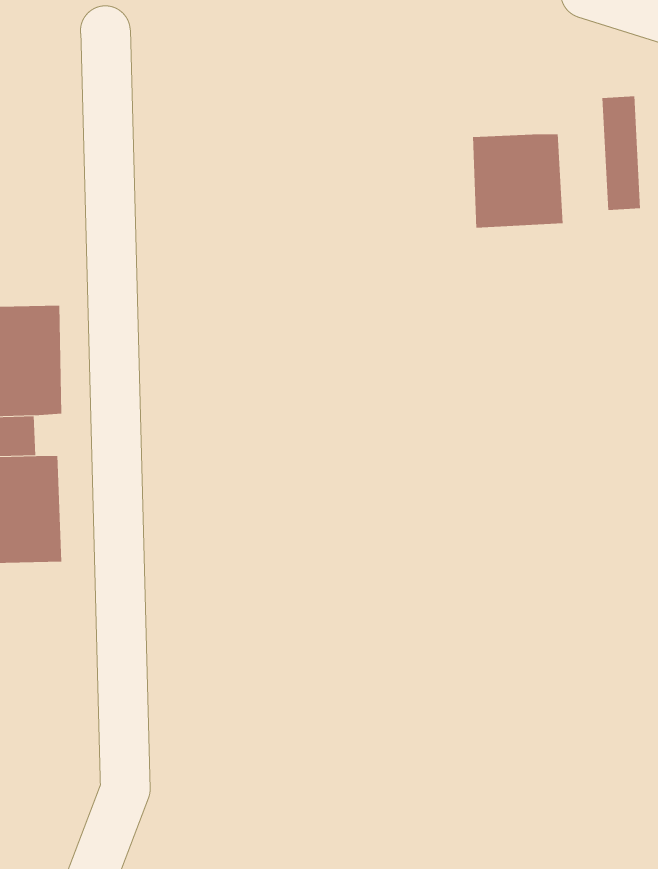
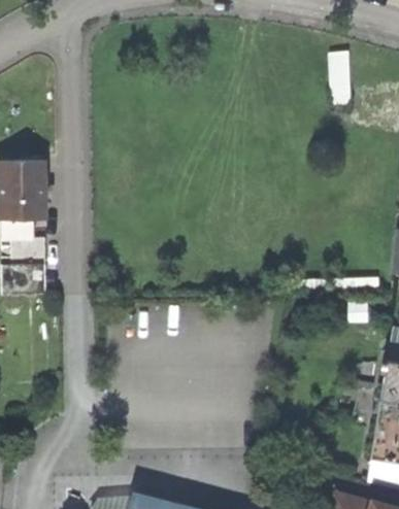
building: [473,134,563,229] -> none

